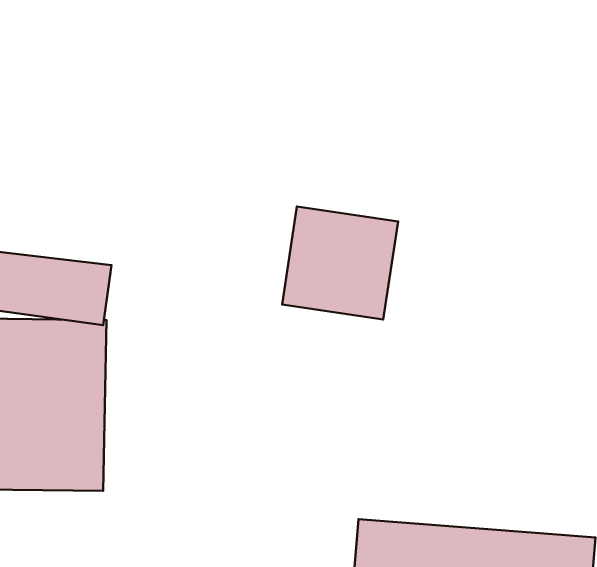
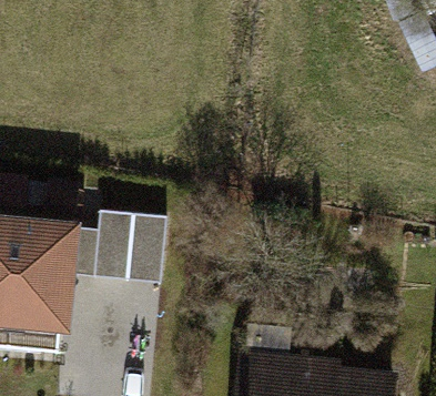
building: [282,207,398,319] -> [89,206,166,282]

